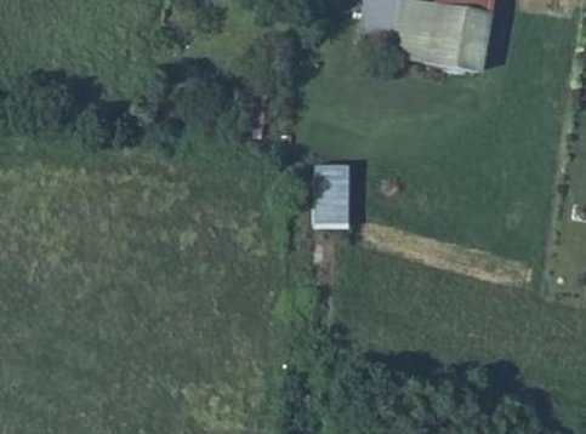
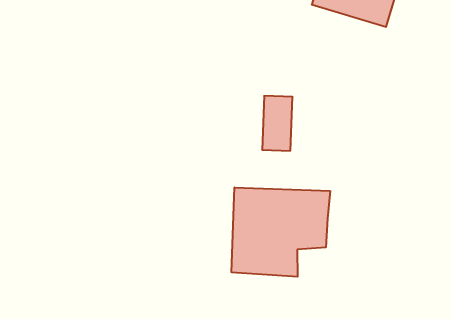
building: none -> [232,187,330,277]

